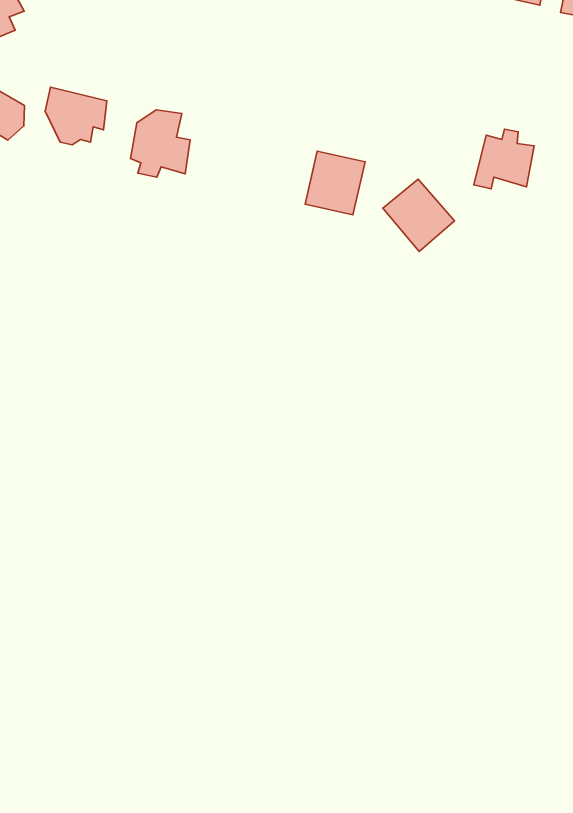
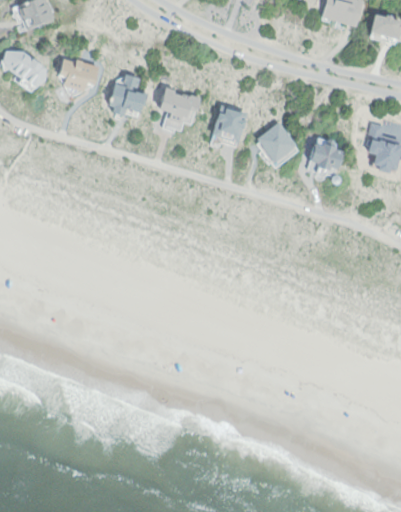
building: none -> [160,87,202,132]
building: [474,129,534,189] -> [307,138,344,173]

